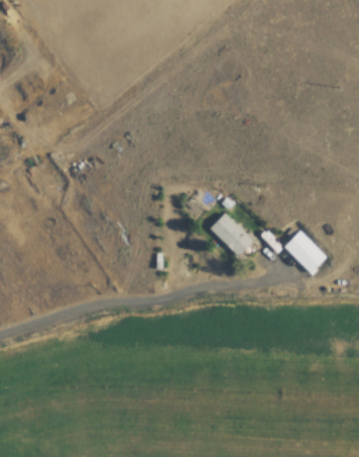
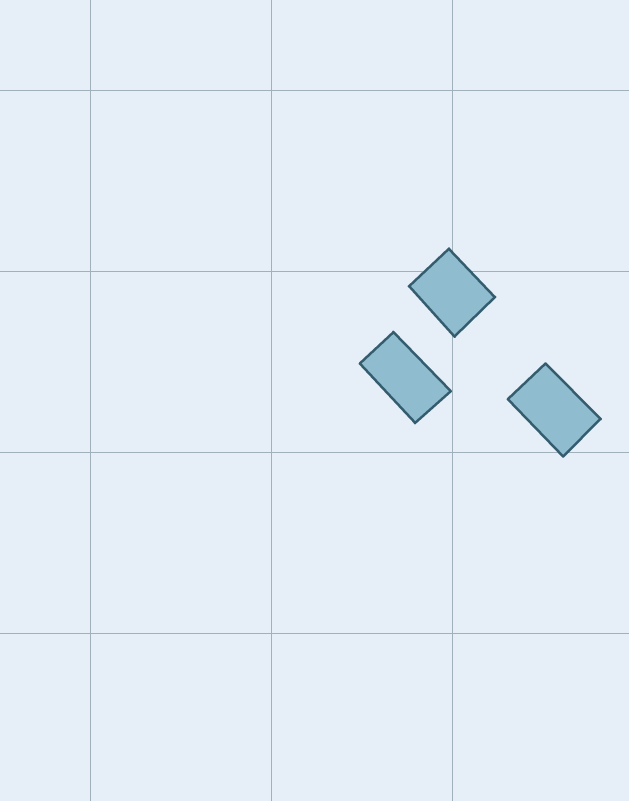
building: none -> [409,249,495,337]

